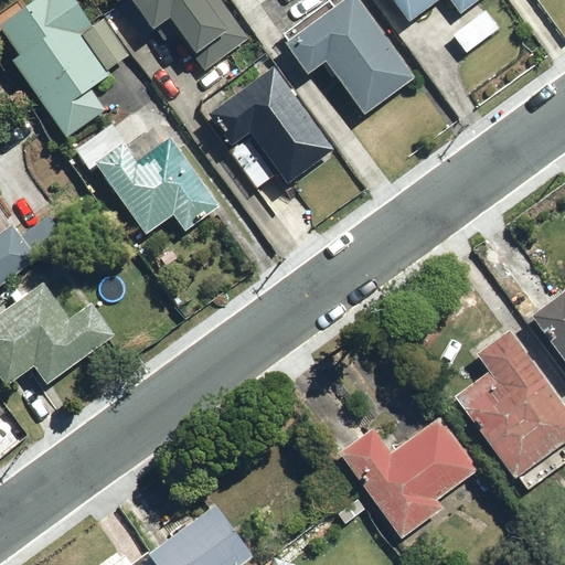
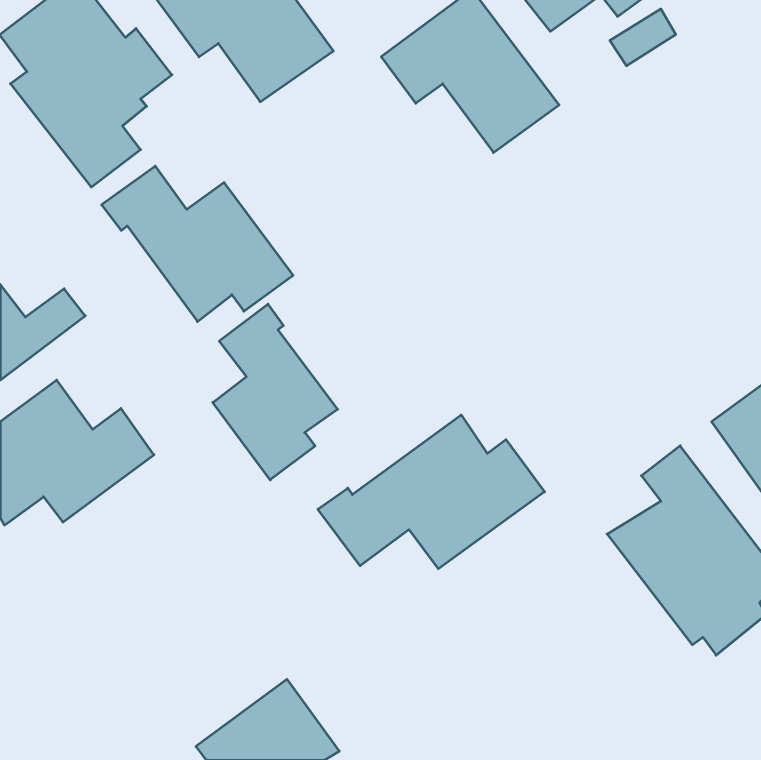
building: [206,66,337,186] -> none
building: none -> [213,304,338,480]
building: none -> [318,415,545,569]
building: [337,414,480,537] -> none

